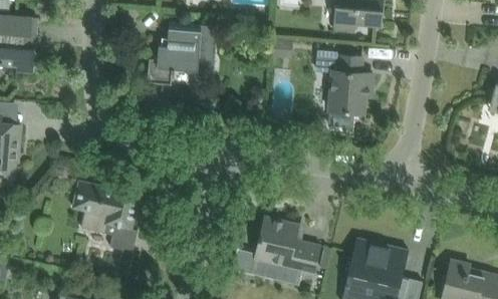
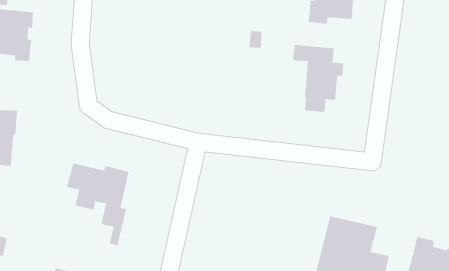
building: [147,23,217,84] -> none
building: [250,216,320,285] -> none

